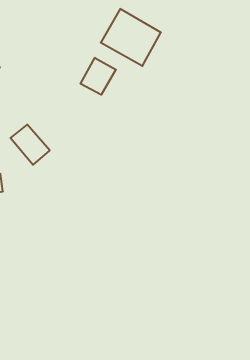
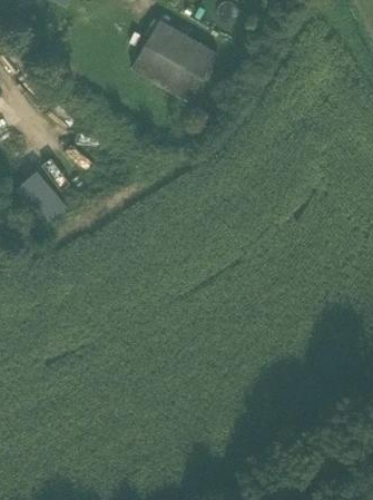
building: [80,58,116,95] -> none

